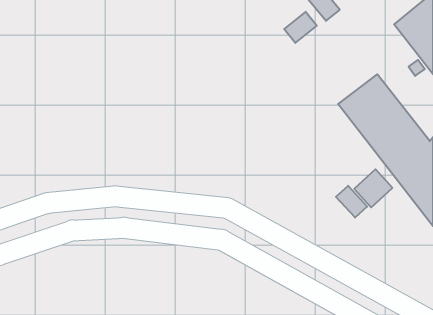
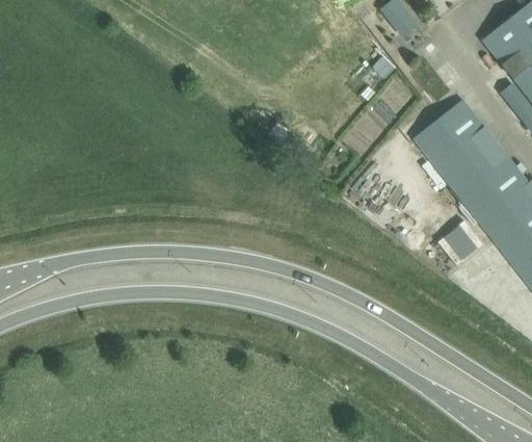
building: [284,12,317,43] -> none
building: [336,186,367,218] -> none

